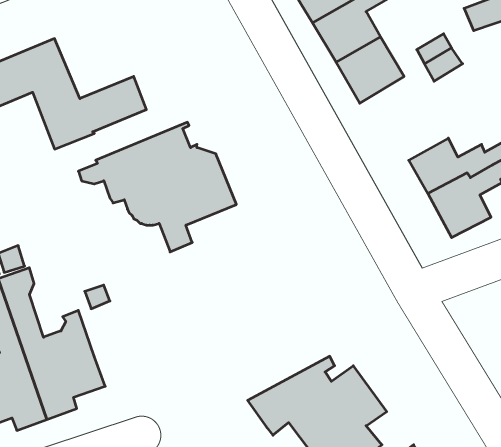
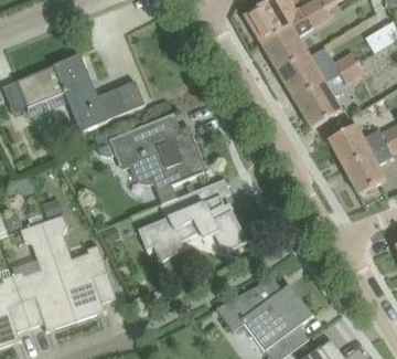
building: none -> [293,81,342,127]
building: none -> [137,187,247,251]

